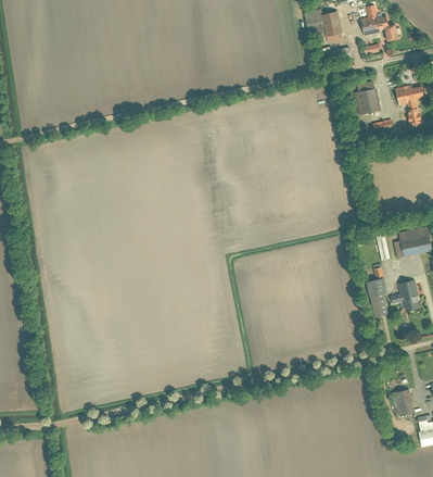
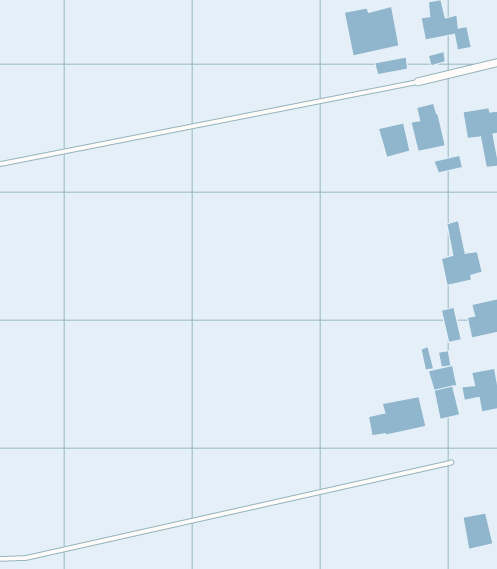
building: none -> [378,123,410,157]
building: none -> [441,220,482,285]
building: none -> [369,396,426,436]

